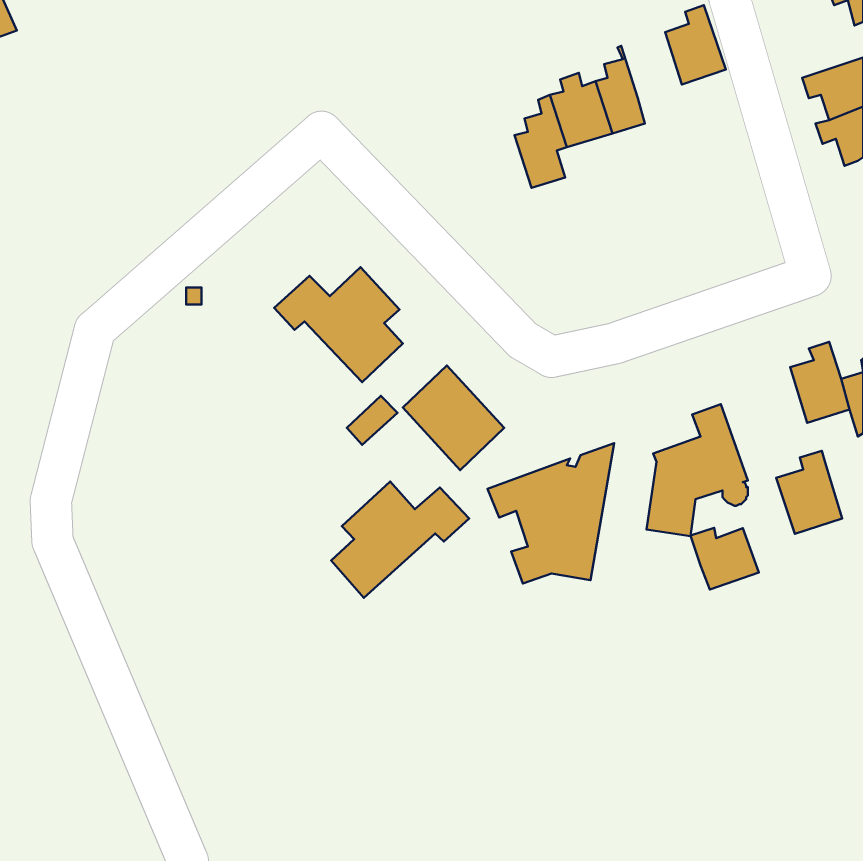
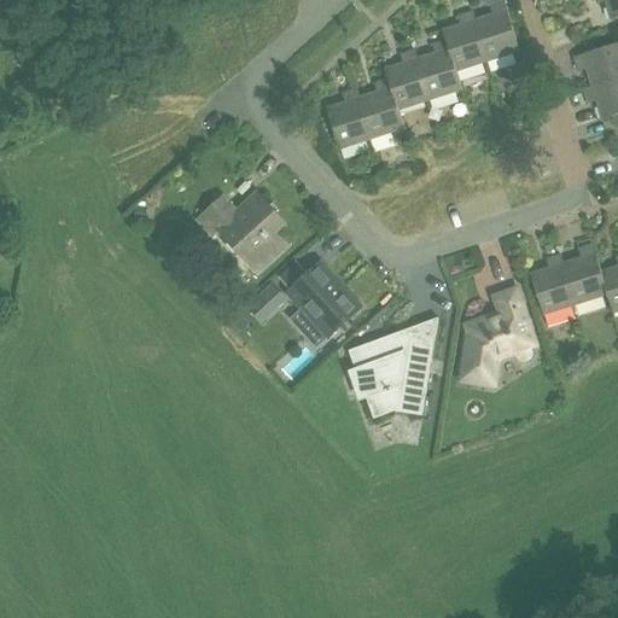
building: none -> [443,13,486,70]
building: none -> [326,91,379,147]
building: [776,451,842,534] -> [529,253,576,313]
building: [331,481,469,598] -> none
building: [690,528,759,589] -> none

